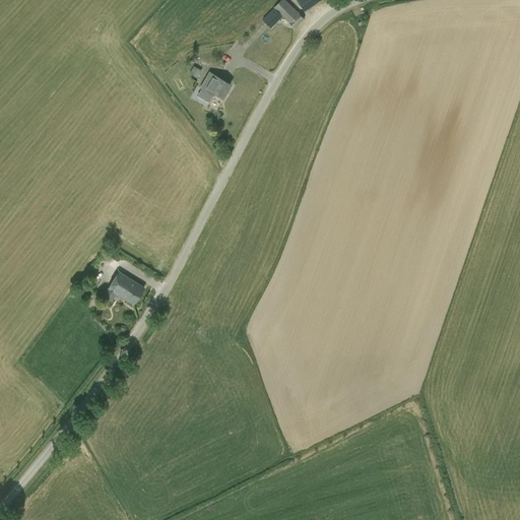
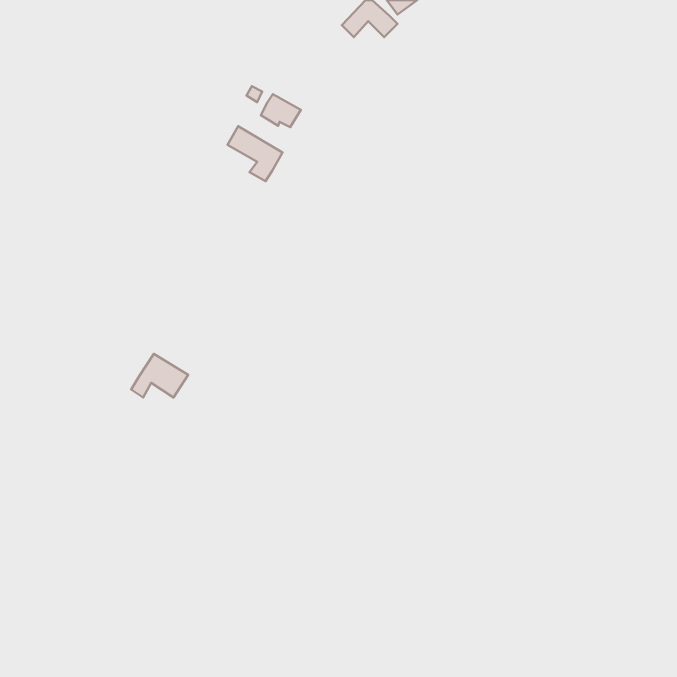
building: none -> [228,126,283,181]

